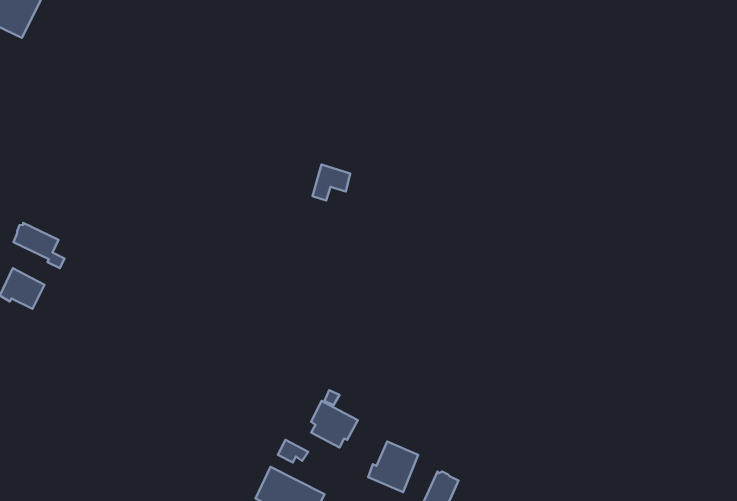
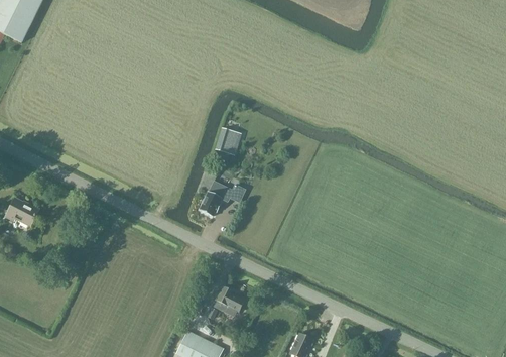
building: [14,223,65,268] -> none
building: none -> [200,181,245,216]
building: [368,441,418,492] -> none

